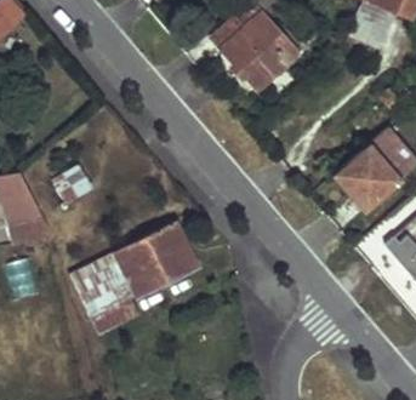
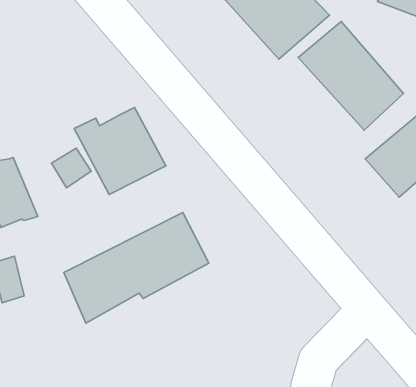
building: none -> [298,22,404,130]
building: none -> [74,108,166,195]

